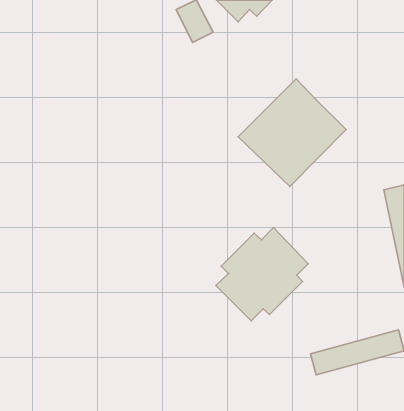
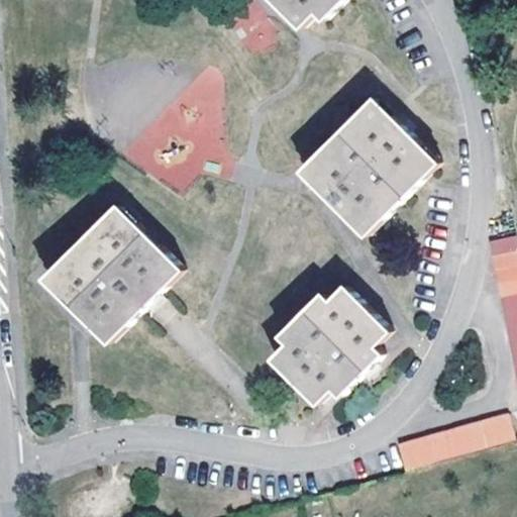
building: none -> [41,205,179,341]

